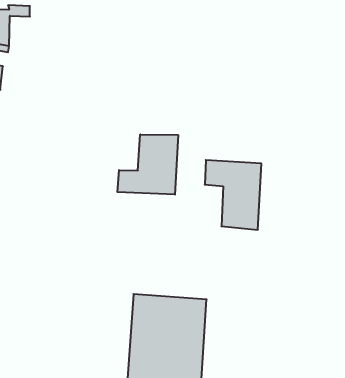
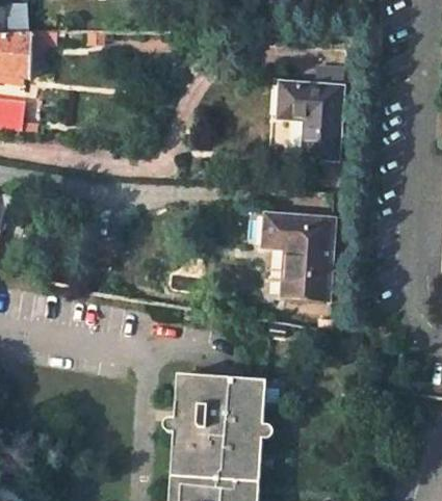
building: none -> [279,83,340,157]
building: [117,134,178,195] -> none

